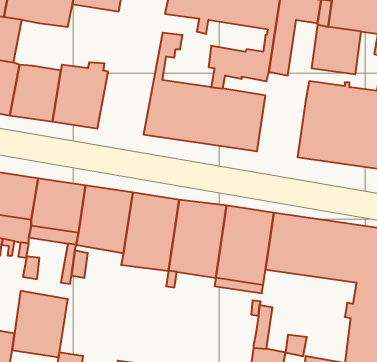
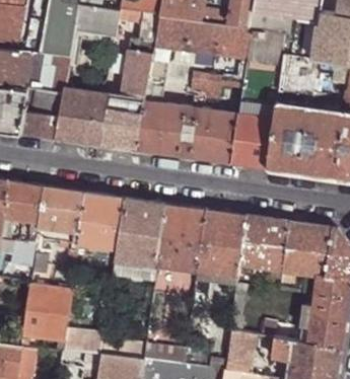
building: none -> [95,51,152,149]
building: none -> [40,54,70,94]
building: none -> [232,116,274,168]

